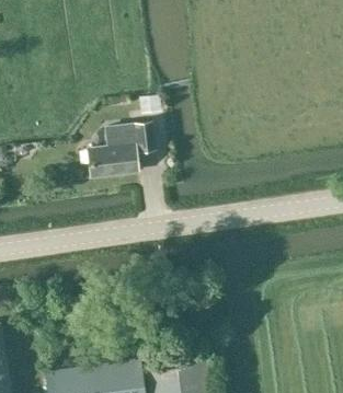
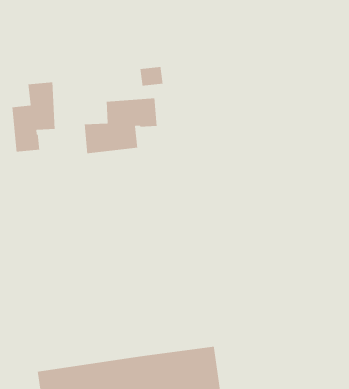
building: none -> [12,82,56,152]

